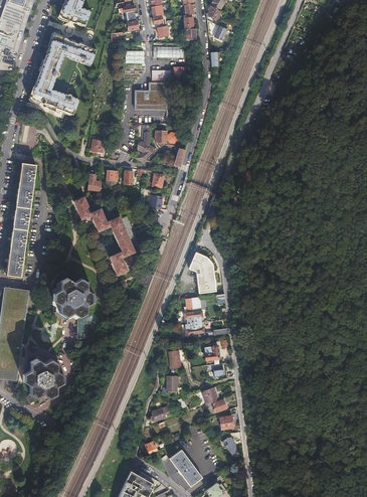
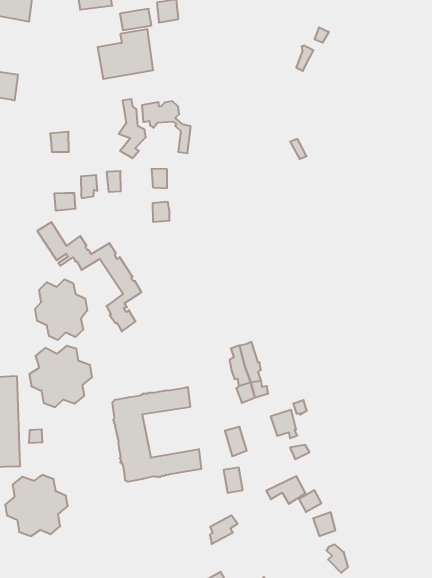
building: none -> [35,279,87,340]
building: [187,250,215,291] -> none
building: none -> [112,387,201,482]

